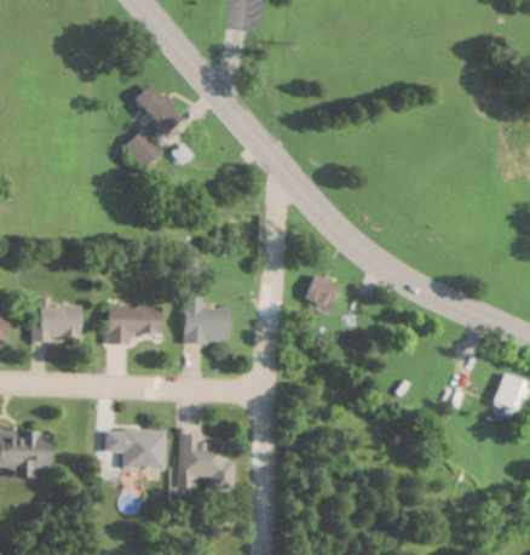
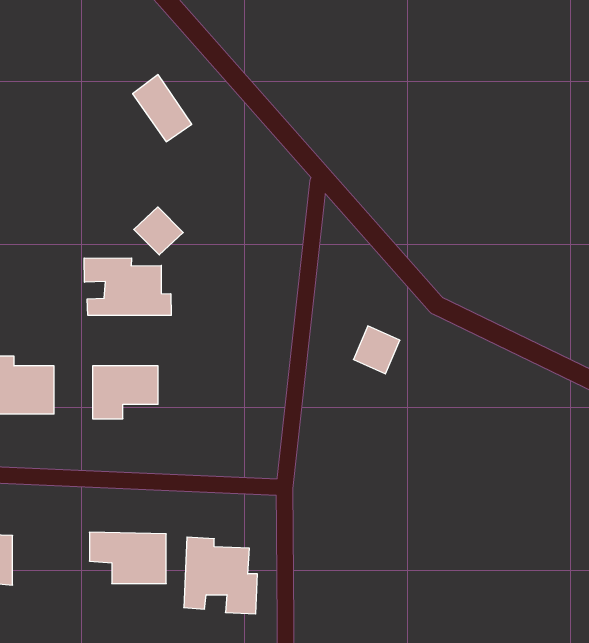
building: [127,131,165,167] -> [134,207,183,255]
building: none -> [84,258,171,315]
building: [184,298,226,342] -> none

